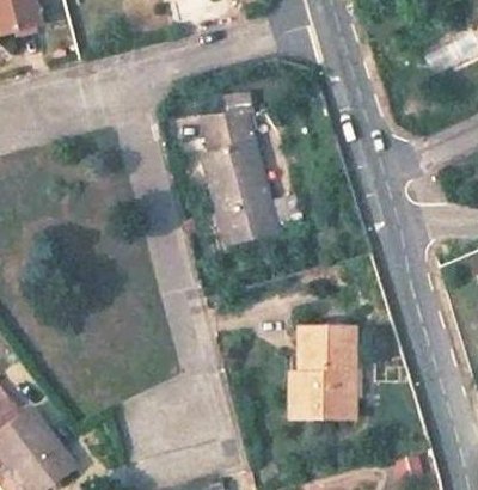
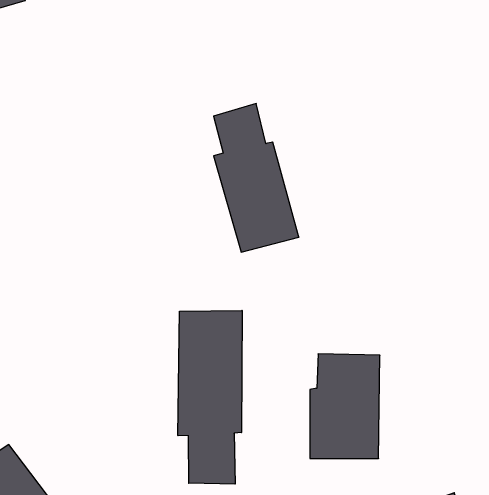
building: none -> [178,310,242,484]

